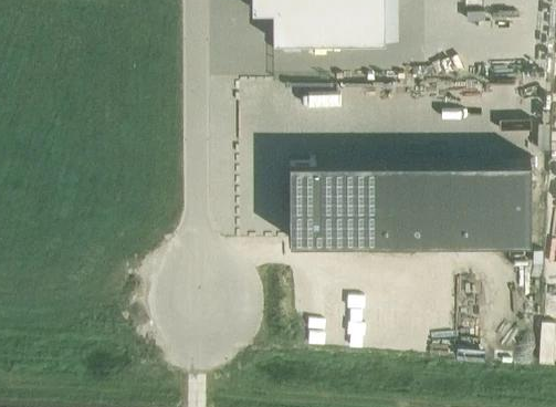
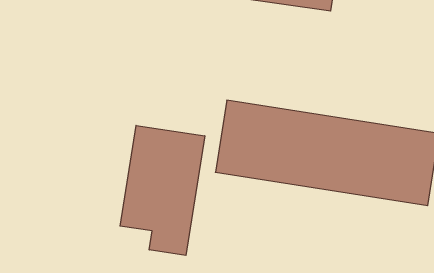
building: none -> [120,125,205,255]

